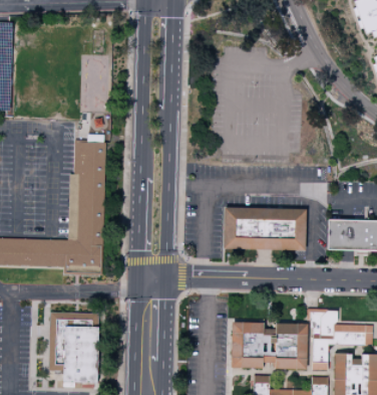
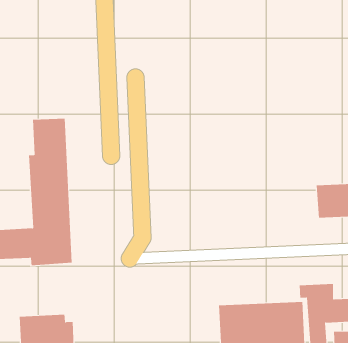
building: [224,207,307,250] -> none

